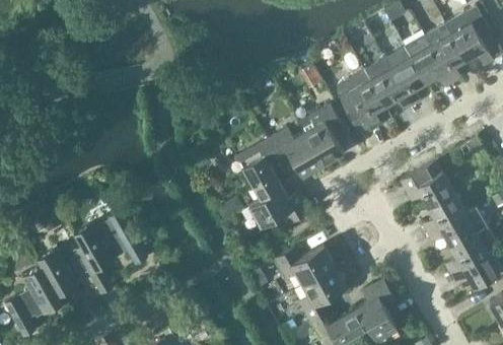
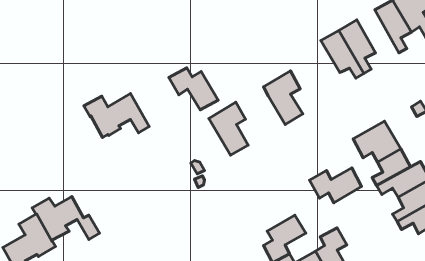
building: [405,34,452,89] -> none
building: [337,69,385,133] -> none
building: [268,128,324,176] -> [169,68,218,110]
building: [248,188,309,226] -> none
building: [74,220,148,270] -> [84,93,149,137]
building: [276,246,335,285] -> [310,168,362,203]

